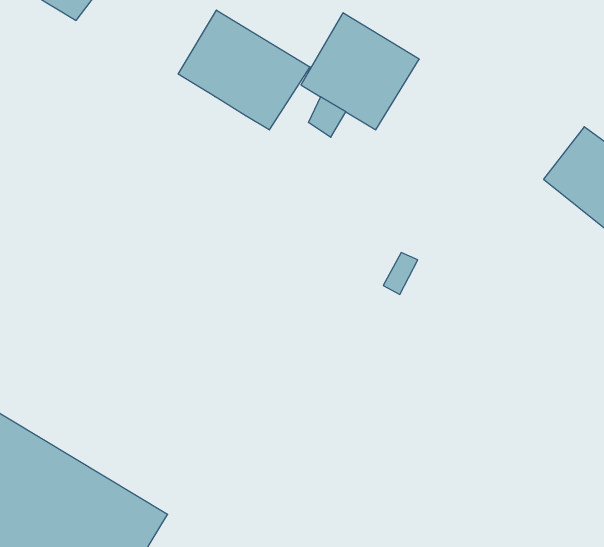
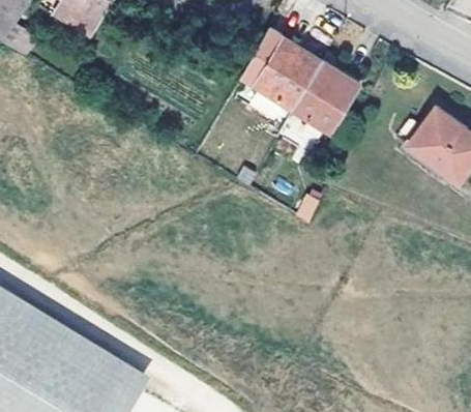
building: [178,10,310,130] -> none
building: none -> [293,62,360,134]

